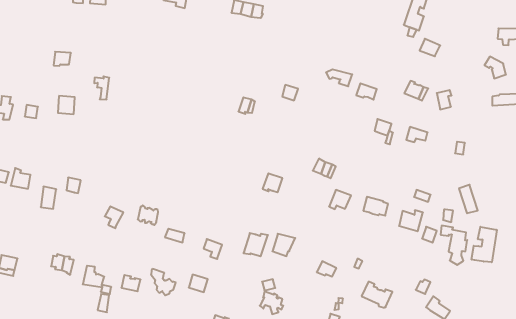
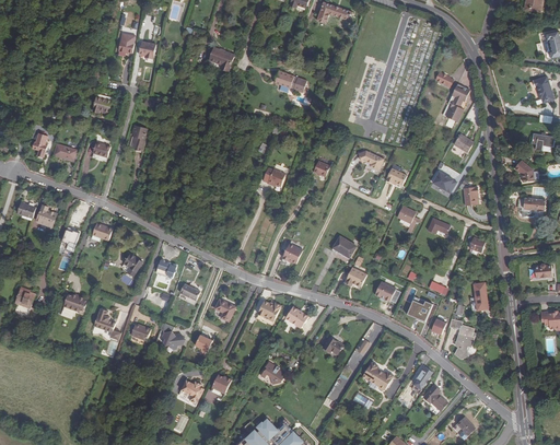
building: [472,227,497,262] -> none

